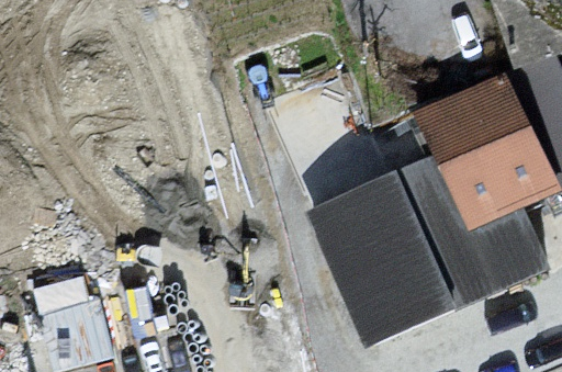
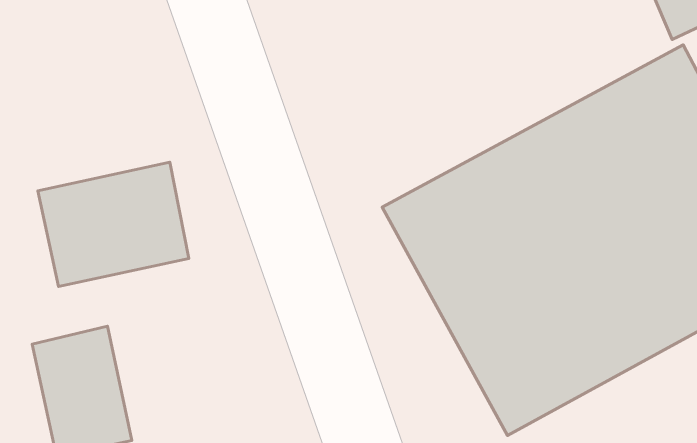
building: none -> [38,162,189,287]

